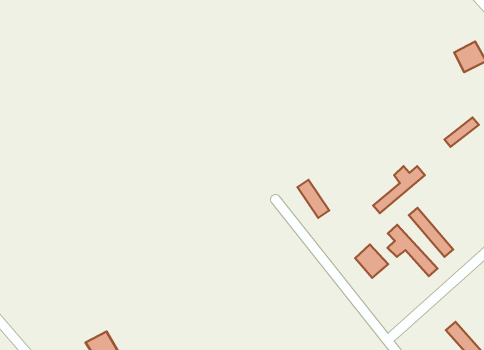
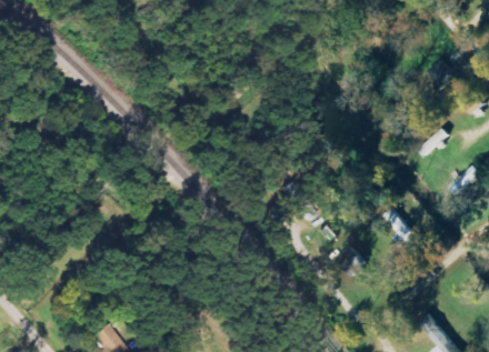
building: [373,166,425,213] -> none
building: [388,225,437,276] -> none

